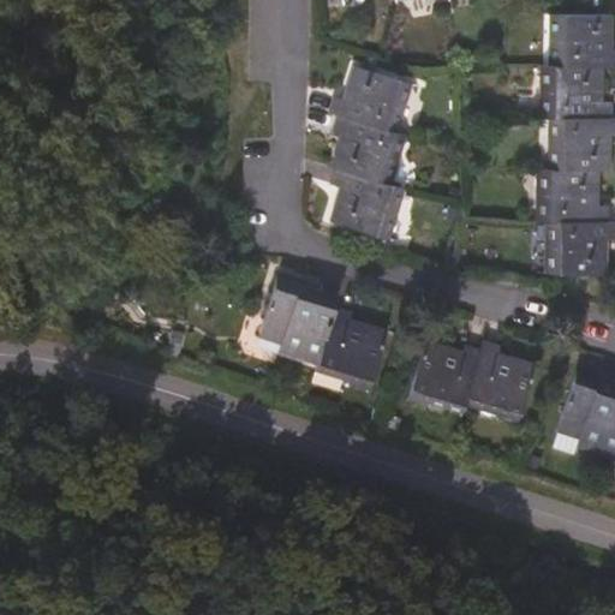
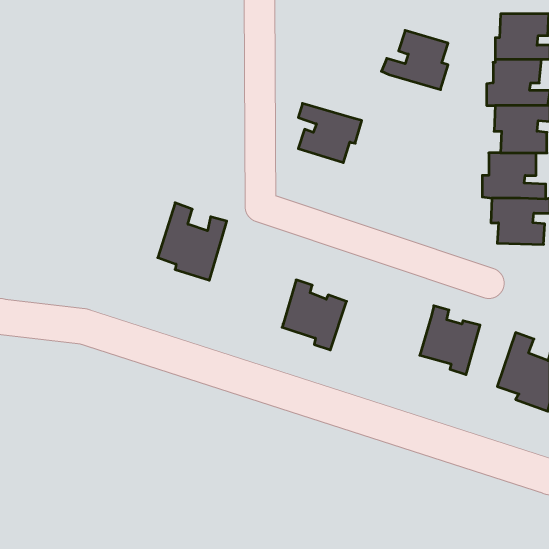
building: [330,66,405,132] -> [381,30,448,90]
building: [333,166,406,235] -> none
building: [259,275,336,362] -> [158,203,227,280]
building: [411,341,483,406] -> none

